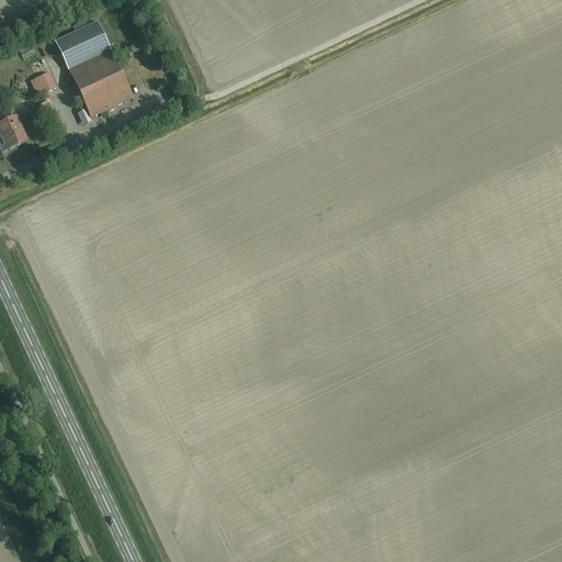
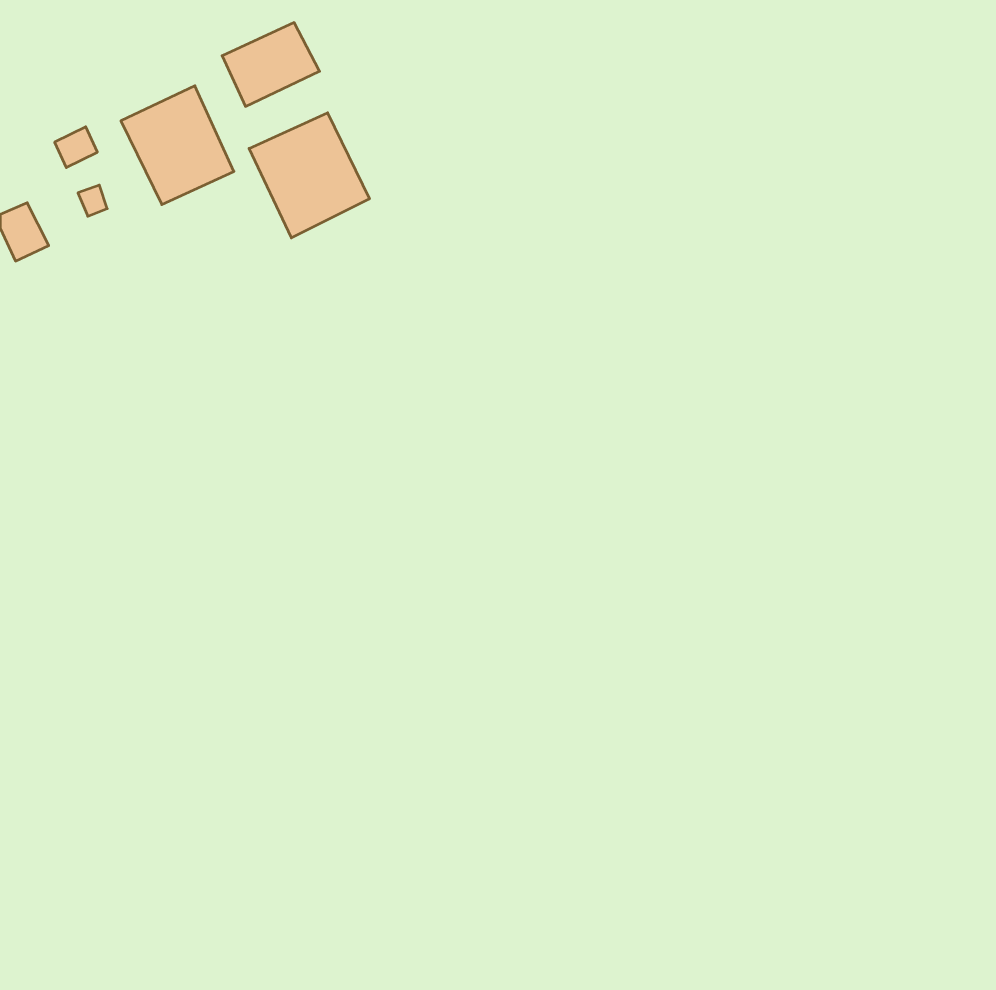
building: [55,21,110,68] -> [222,23,320,106]
building: none -> [249,113,369,238]

